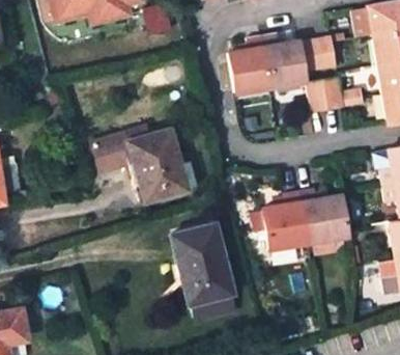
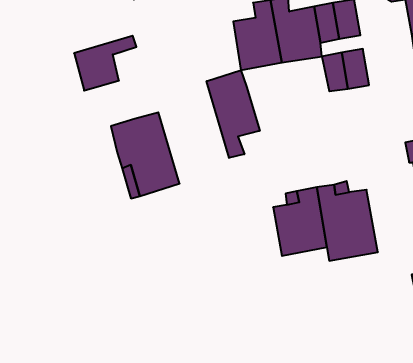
building: none -> [207,70,260,158]
building: [98,126,150,171] -> [74,36,136,91]
building: [172,225,236,320] -> none

